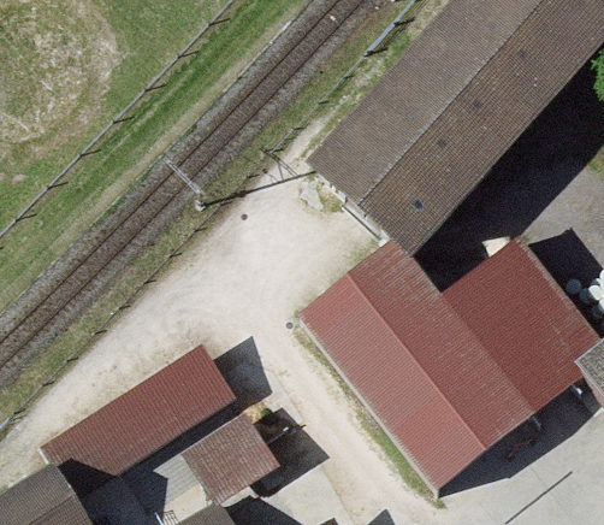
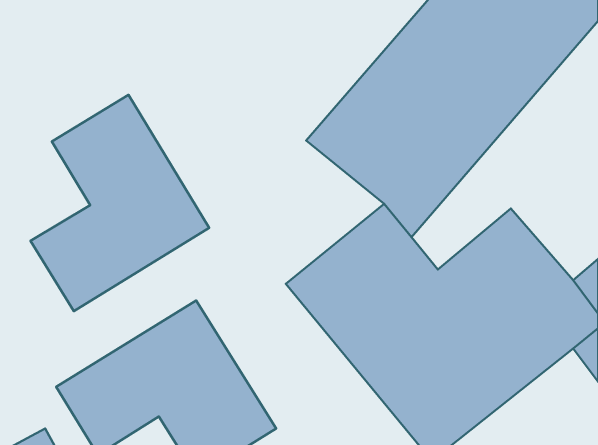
building: none -> [31,95,209,311]

